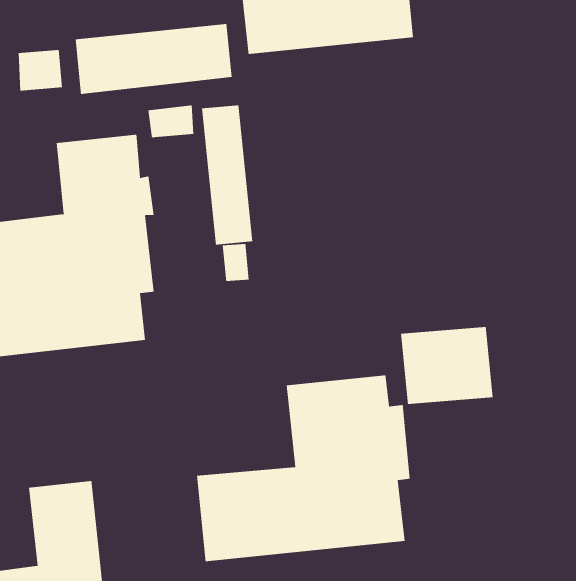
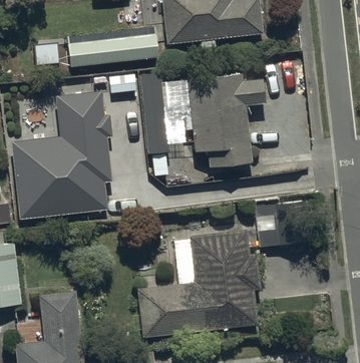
building: none -> [187,75,265,167]

